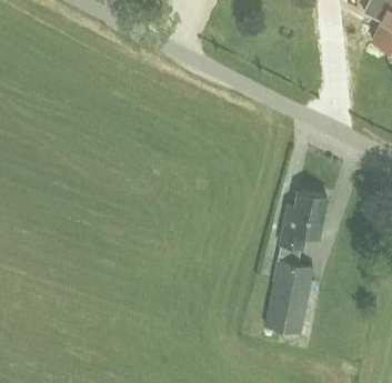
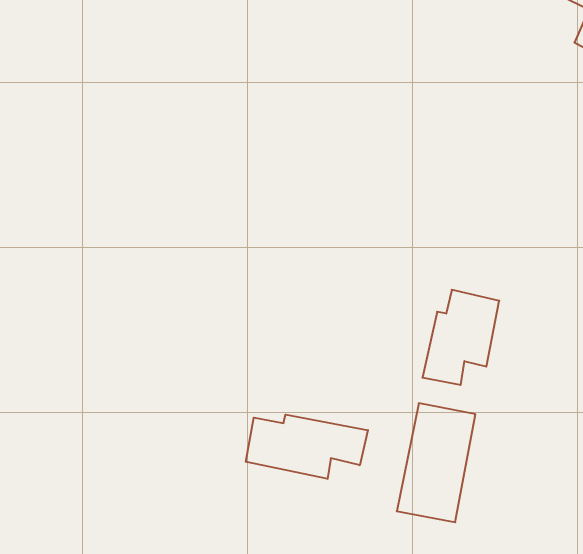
building: none -> [246,415,368,479]

